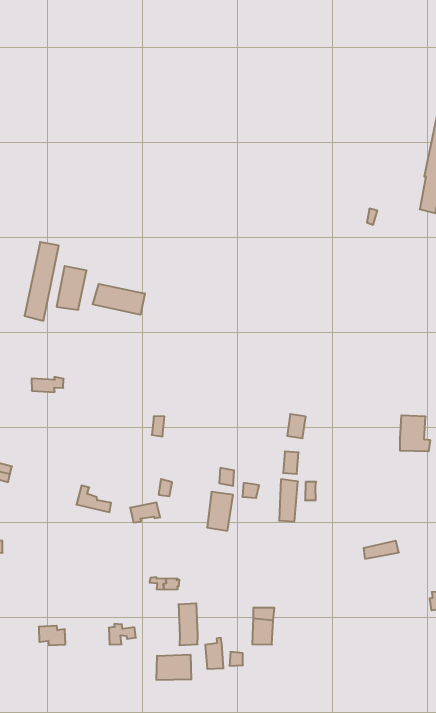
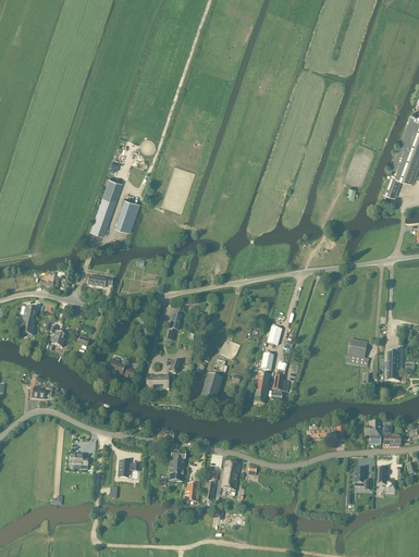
building: [93,284,145,315] -> none
building: [157,655,191,680] -> none

